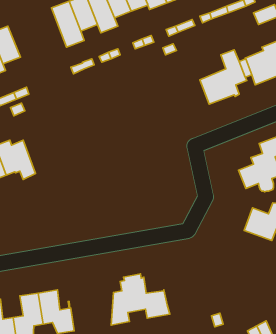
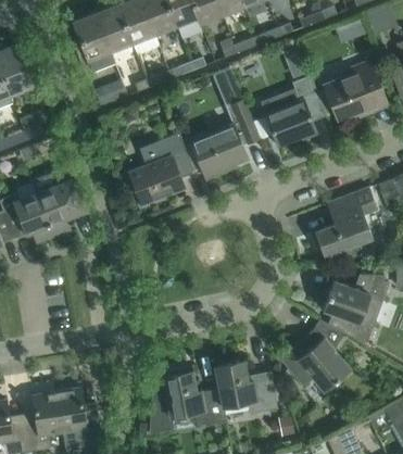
building: none -> [190,99,260,180]
building: none -> [119,134,194,205]
building: none -> [36,168,87,237]
building: none -> [279,319,351,392]
building: none -> [214,362,277,415]

